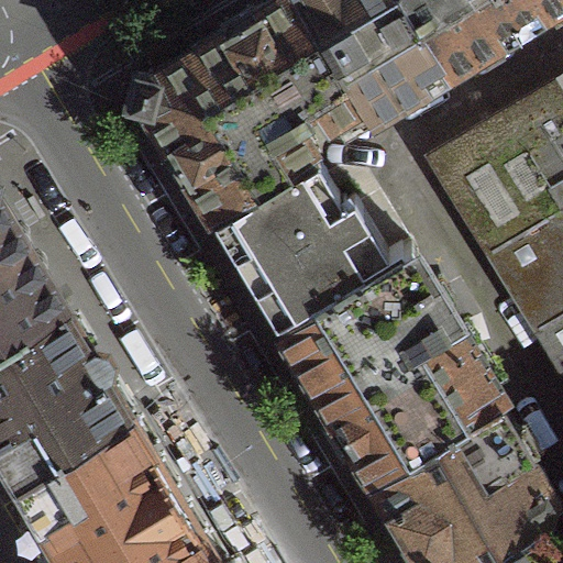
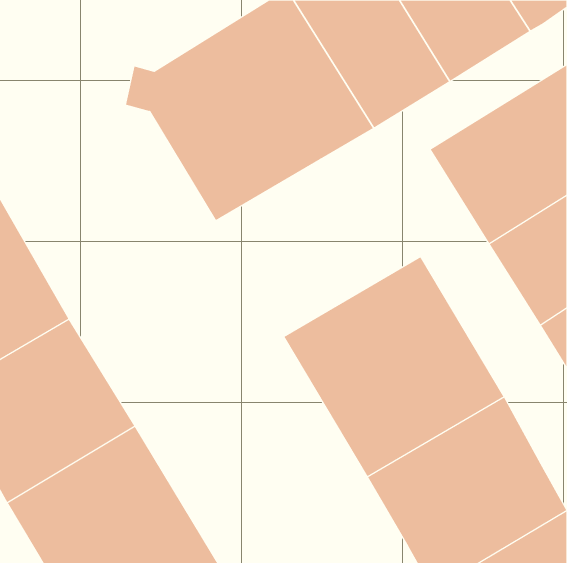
building: [212,164,415,339] -> none

